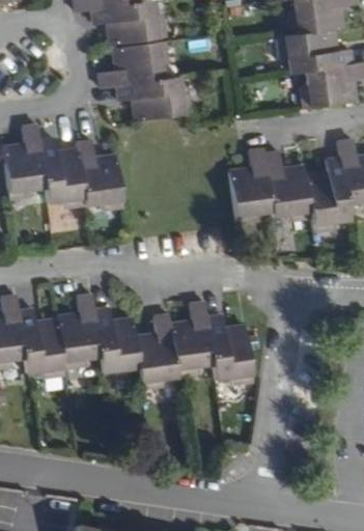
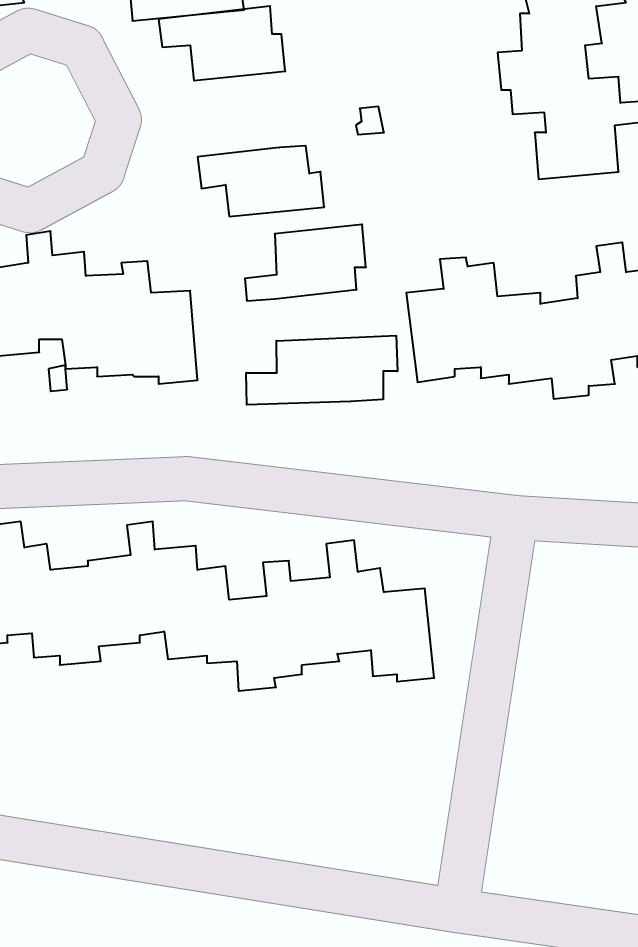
building: [101,48,168,90] -> [245,224,366,301]
building: none -> [246,336,397,405]

